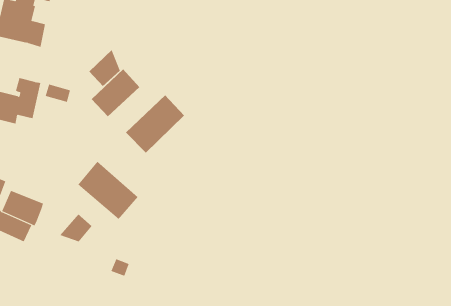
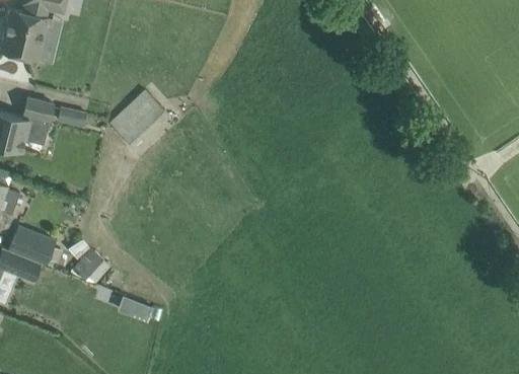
building: [88,49,121,87] -> none
building: [125,95,185,154] -> none
building: [77,161,139,220] -> none

